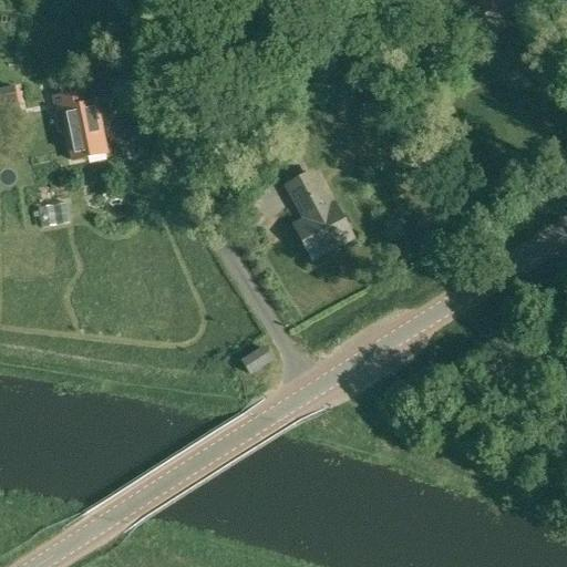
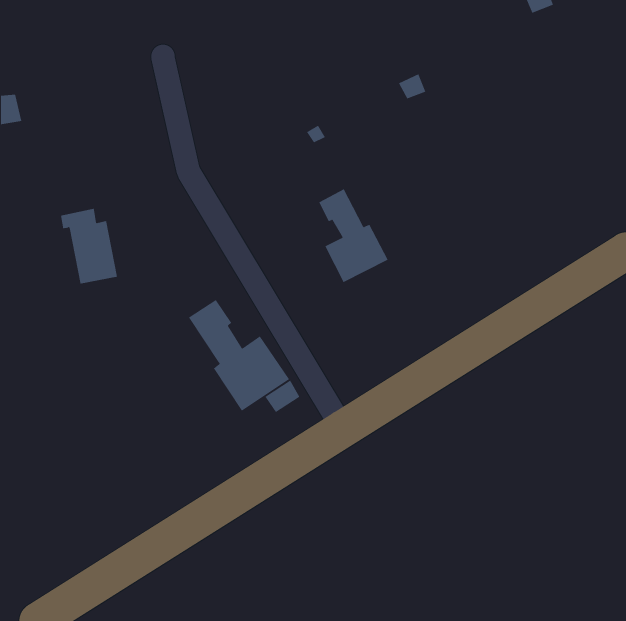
building: [54,87,106,156] -> [60,208,118,284]
building: none -> [188,299,290,411]

